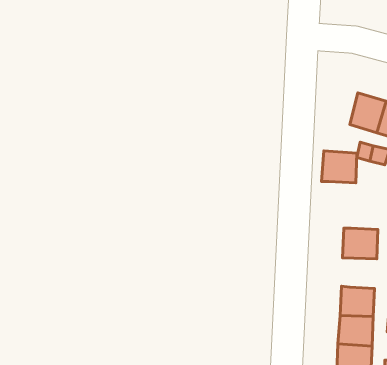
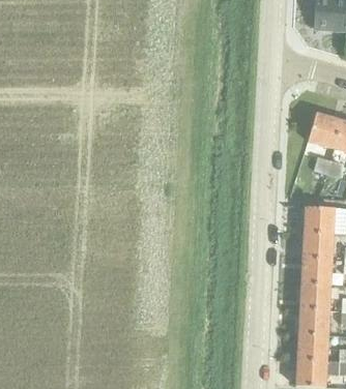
building: [322,151,357,183] -> [304,205,335,233]
building: none -> [301,258,333,285]

